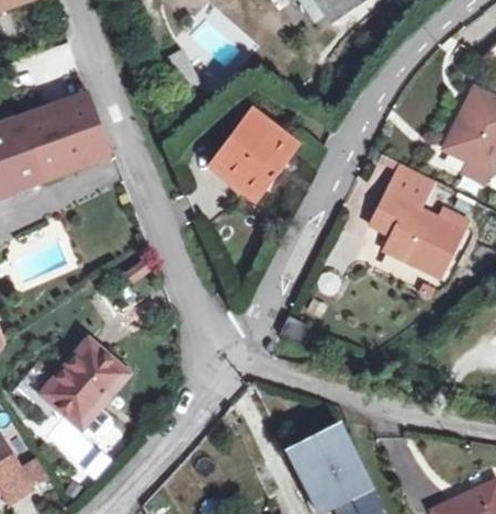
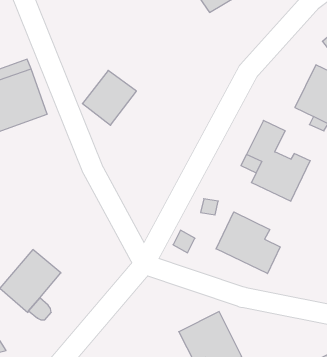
building: [217,119,291,193] -> [82,70,136,125]
building: none -> [216,212,280,274]

